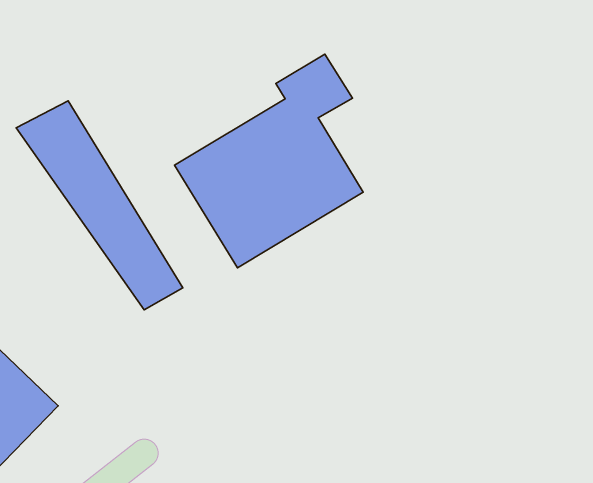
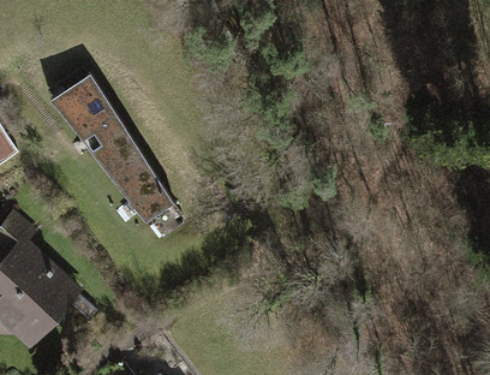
building: [175,54,363,268] -> none

